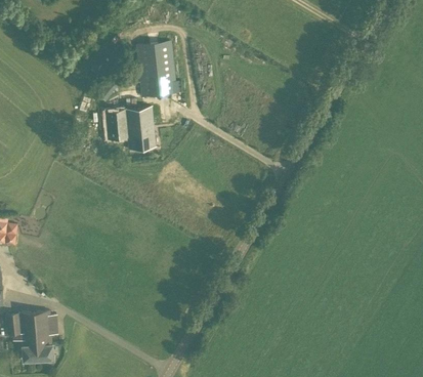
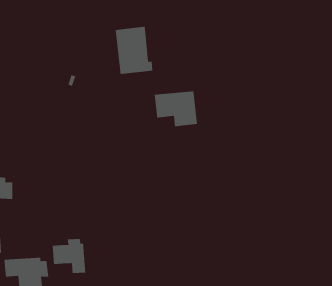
building: [103,108,155,150] -> [154,91,198,127]
building: none -> [52,238,86,274]

